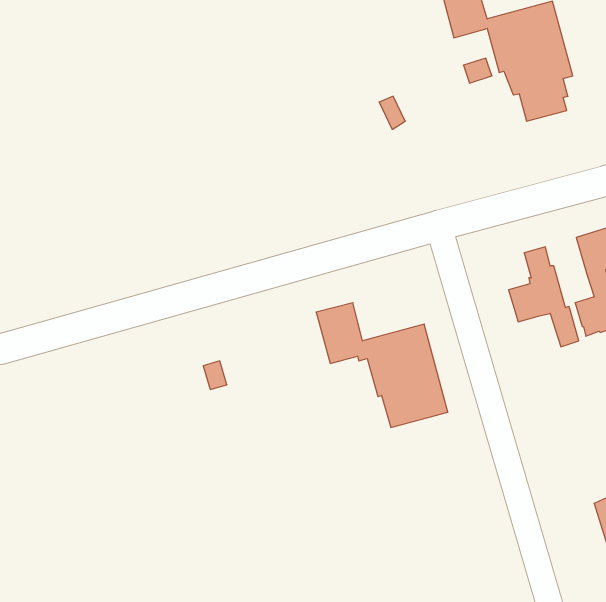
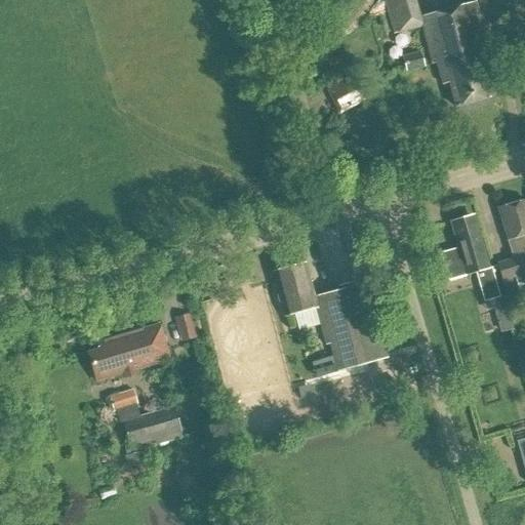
building: none -> [89,323,170,377]
building: none -> [110,383,184,444]

